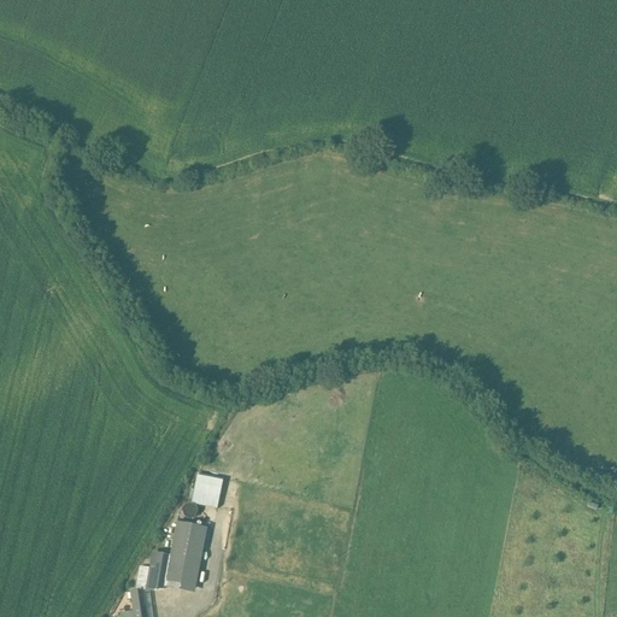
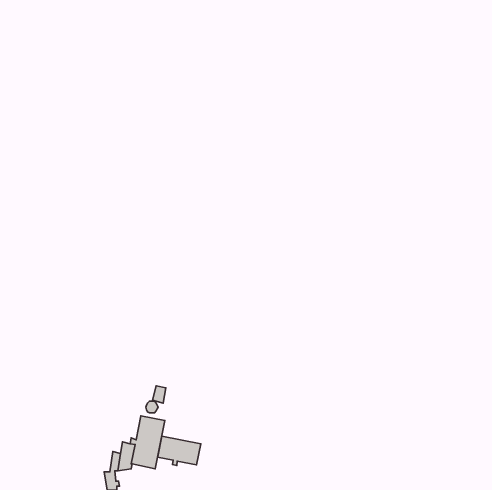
building: none -> [158,436,201,466]

